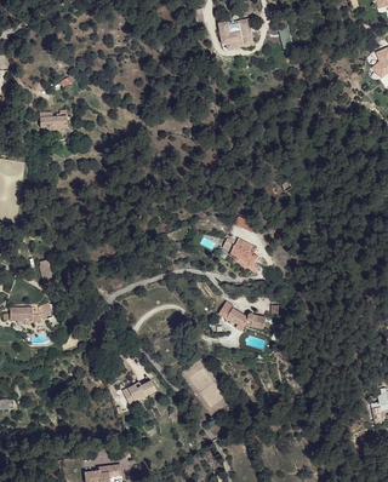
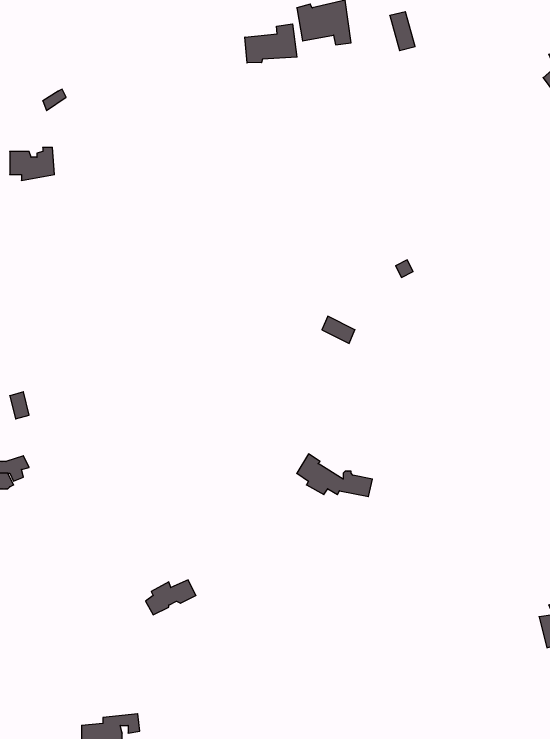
building: none -> [245,24,297,63]
building: [222,237,257,266] -> none

